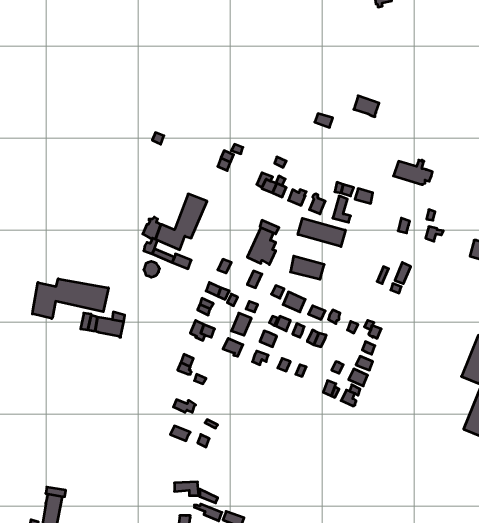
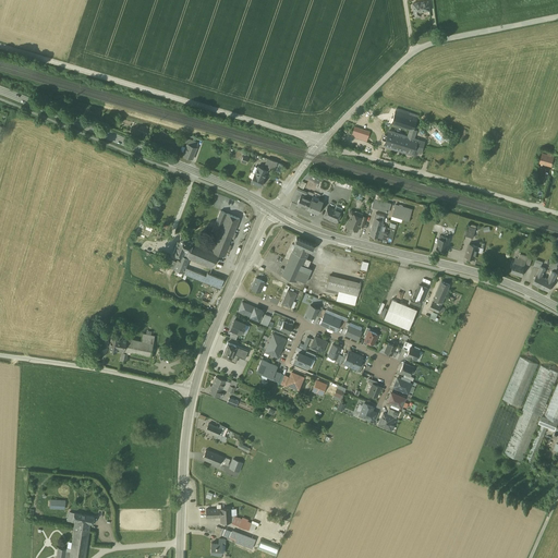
building: [393,160,432,184] -> [384,130,424,155]
building: [298,218,345,247] -> none
building: [32,279,108,319] -> none
building: none -> [384,299,416,329]

